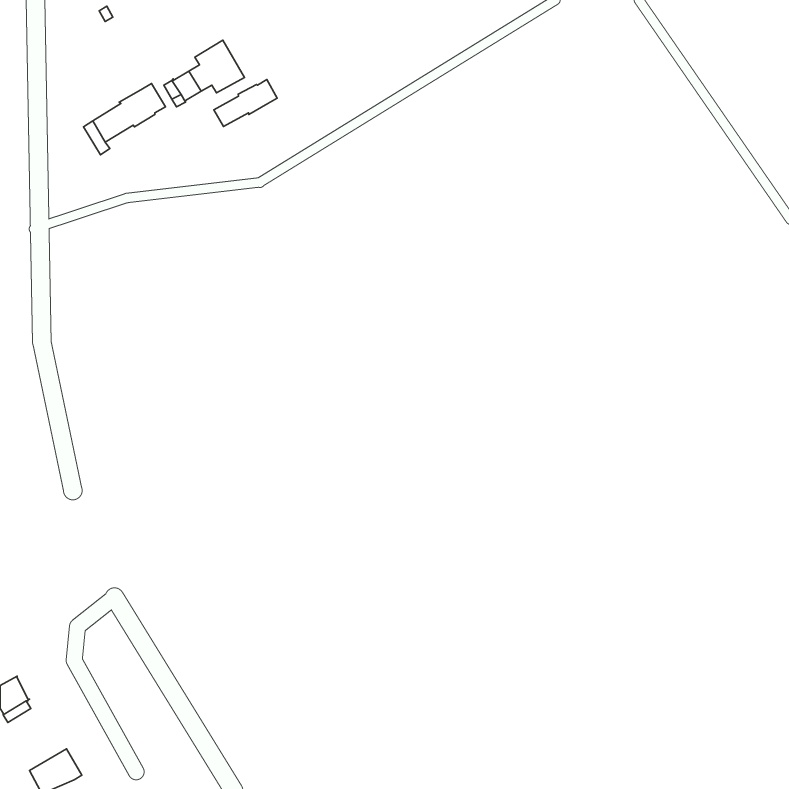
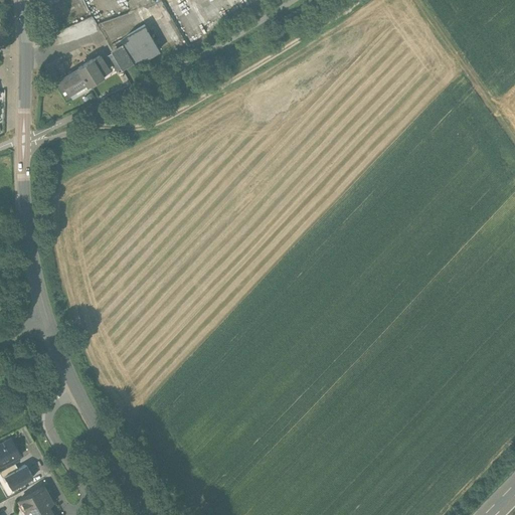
building: [214,80,277,127] -> none
building: none -> [5,466,34,491]

